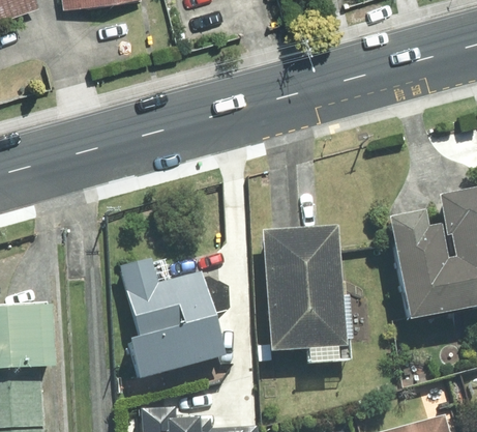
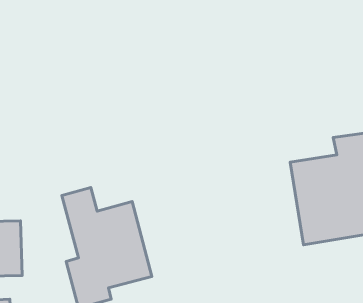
building: [263,228,356,364] -> none

